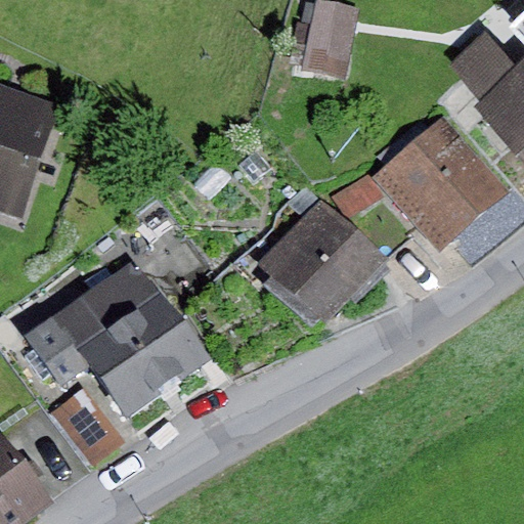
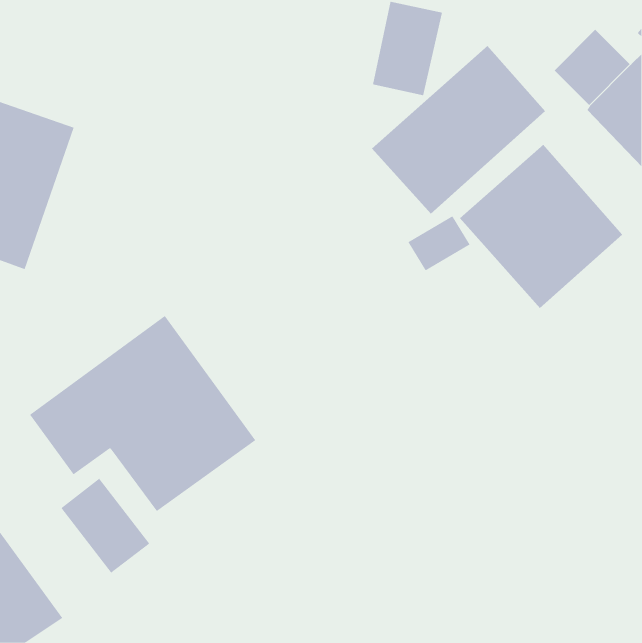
building: none -> [371,45,546,214]
building: [259,199,387,328] -> none

